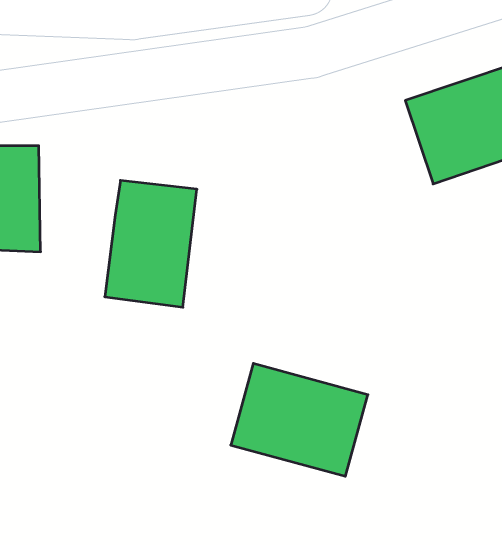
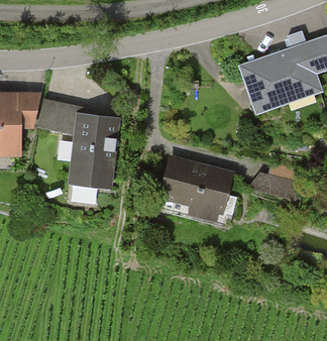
building: none -> [38,102,74,132]
building: [231,363,368,476] -> [155,154,235,220]

